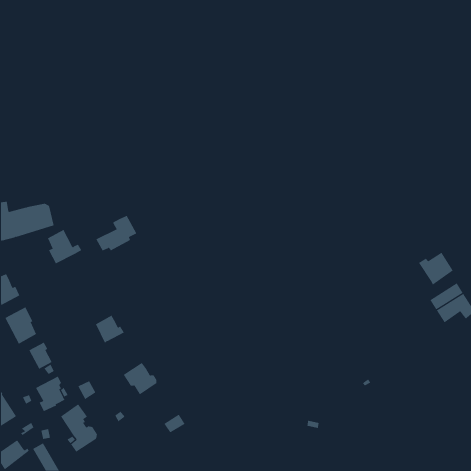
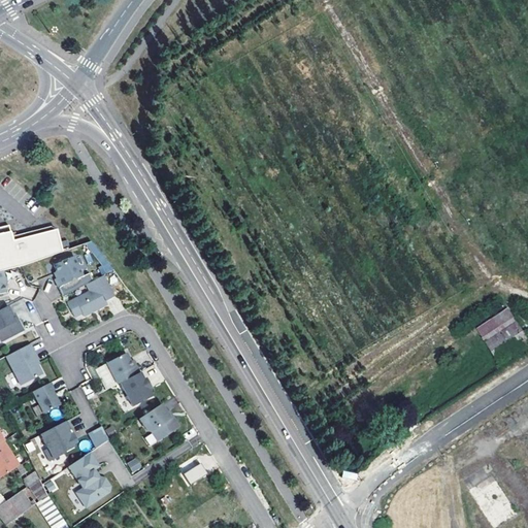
building: [96,215,137,251] -> [67,275,113,316]
building: [418,252,453,286] -> none
building: none -> [121,371,153,405]

